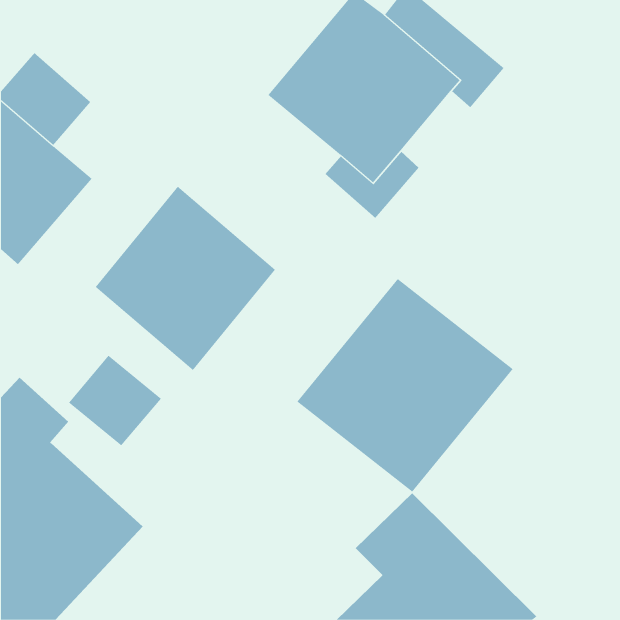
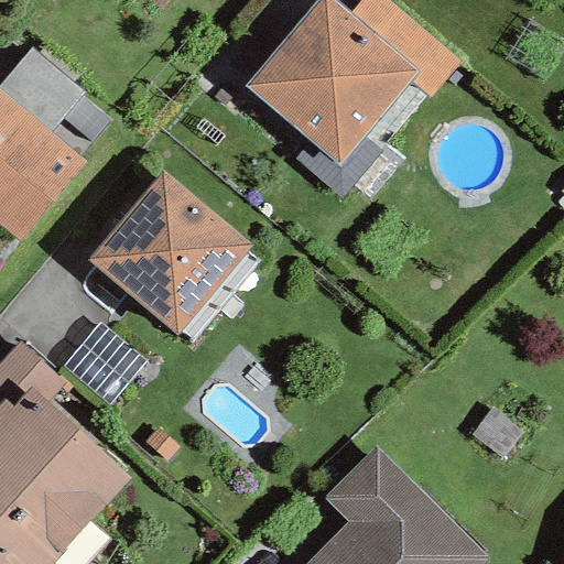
building: [297,278,513,492] -> none

